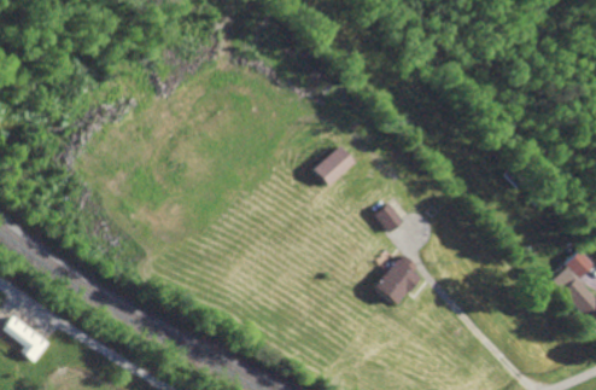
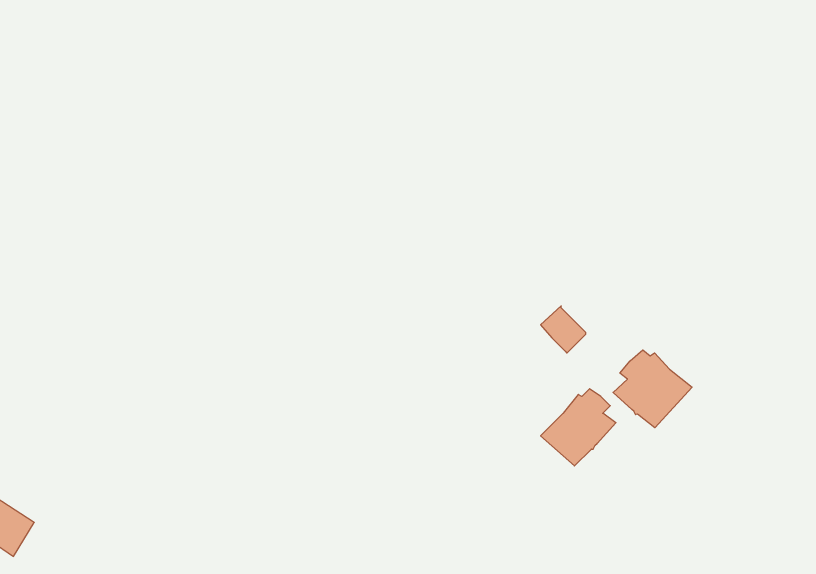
building: [310,144,352,186] -> none
building: none -> [613,350,692,428]

